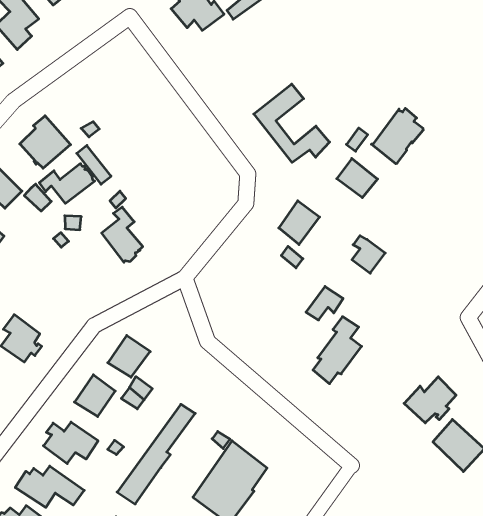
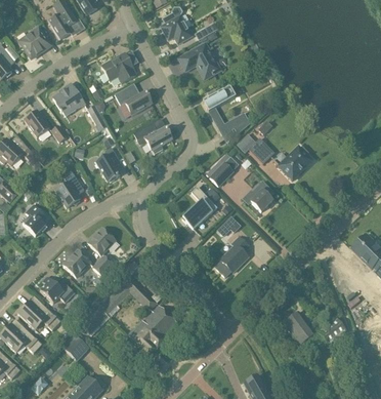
building: none -> [178,43,220,79]
building: none -> [100,52,135,82]
building: [371,108,423,164] -> [278,146,311,179]
building: none -> [132,122,171,154]
building: [39,164,95,203] -> [117,90,152,114]
building: none -> [54,170,84,207]
building: none -> [178,195,209,225]
building: [404,377,456,423] -> none

